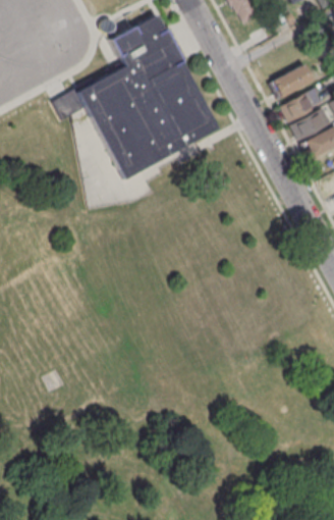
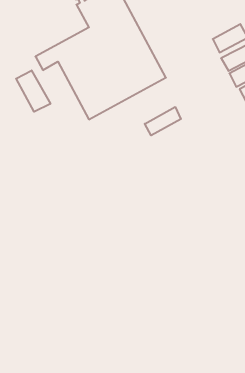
building: none -> [16,70,50,112]
building: none -> [145,107,181,135]

